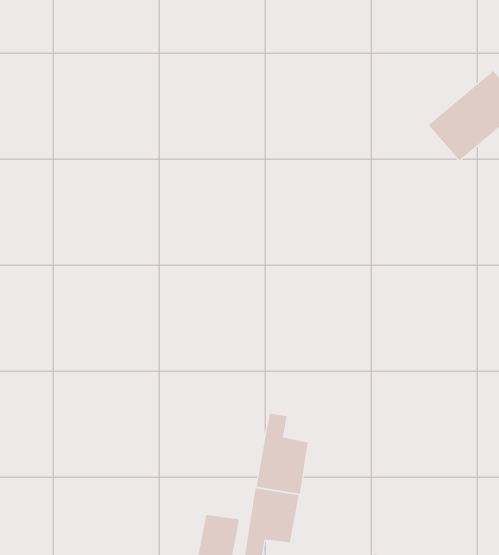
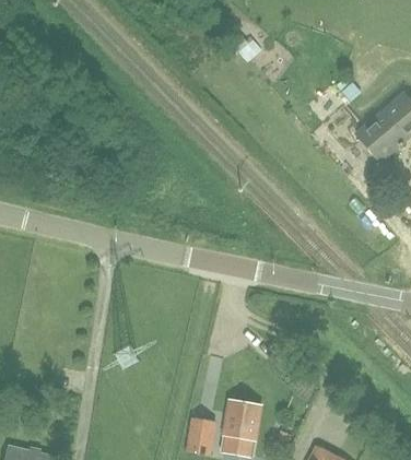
building: [256,413,308,495] -> none

